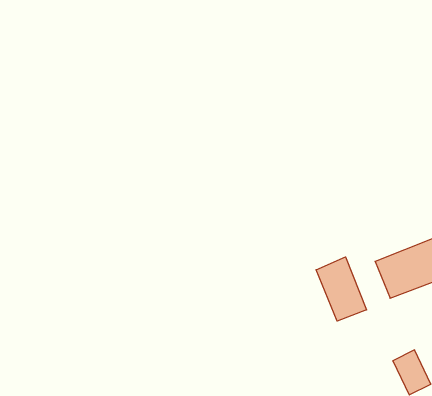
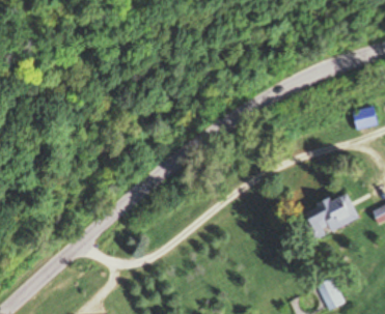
building: [316,257,367,321] -> none

